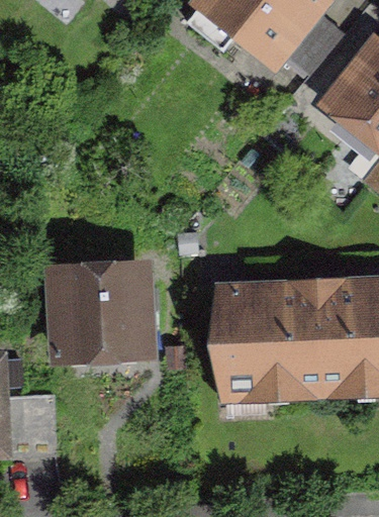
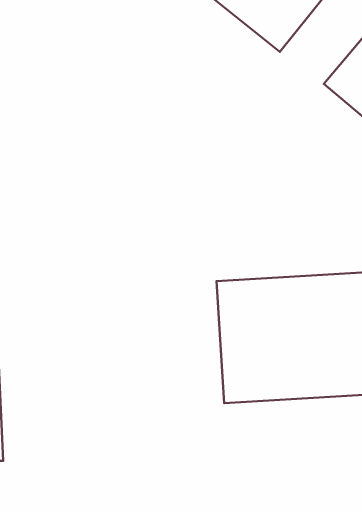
building: [42,264,154,365] -> none

